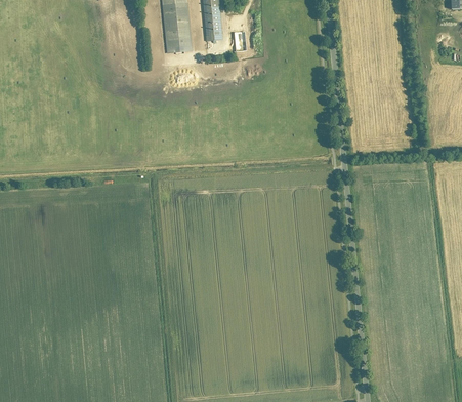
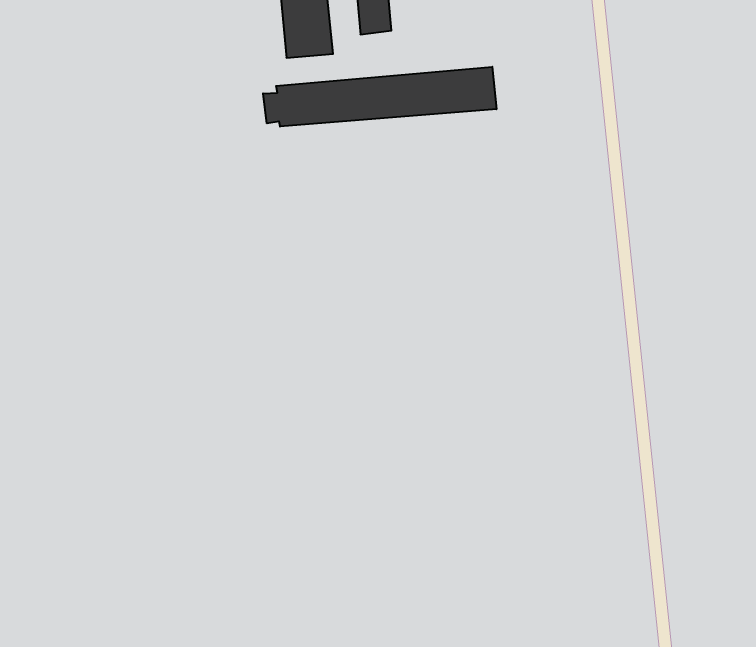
building: none -> [263,67,496,127]

